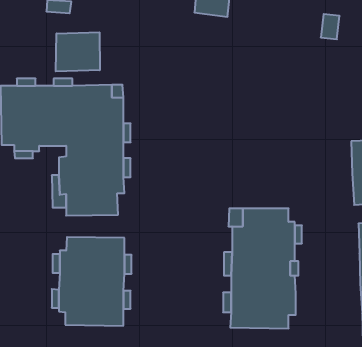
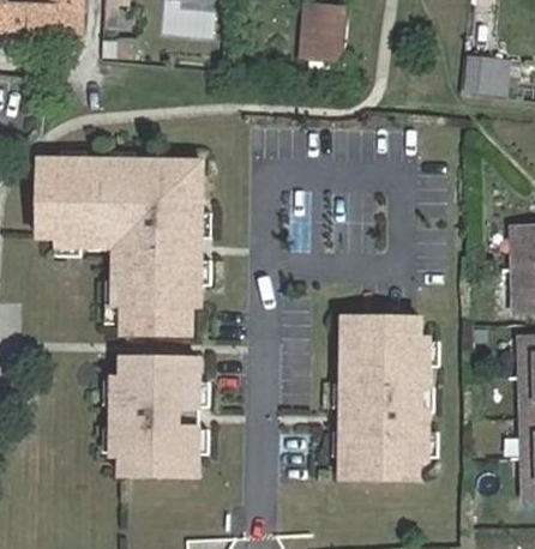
building: [56,32,100,71] -> none

